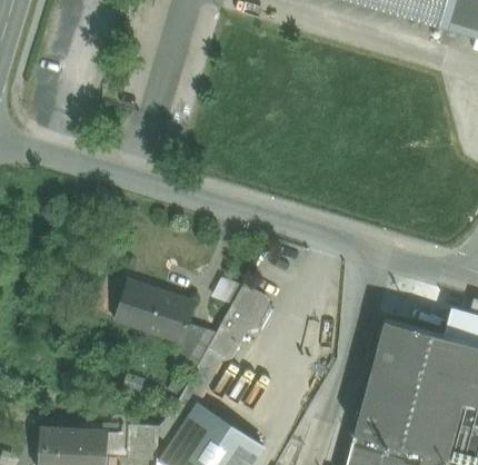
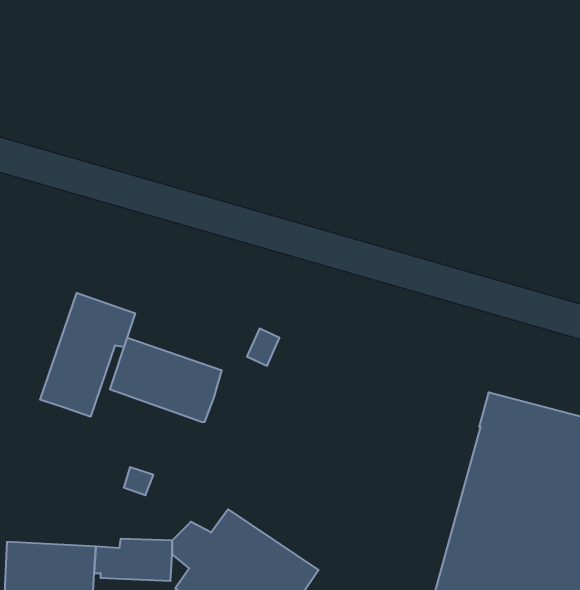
building: none -> [40,293,135,417]
building: [172,285,270,421] -> none
building: [172,324,208,369] -> none

